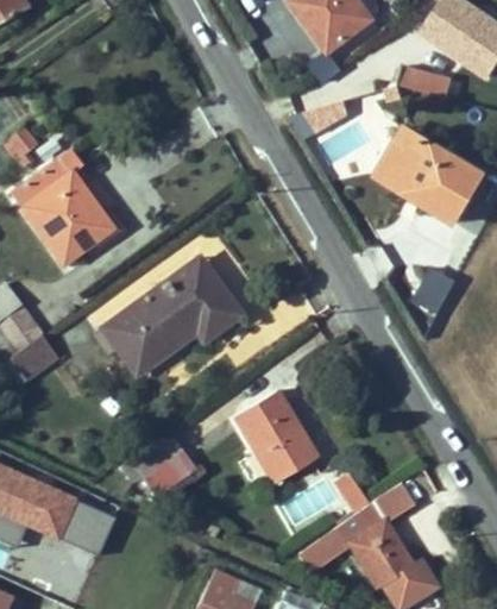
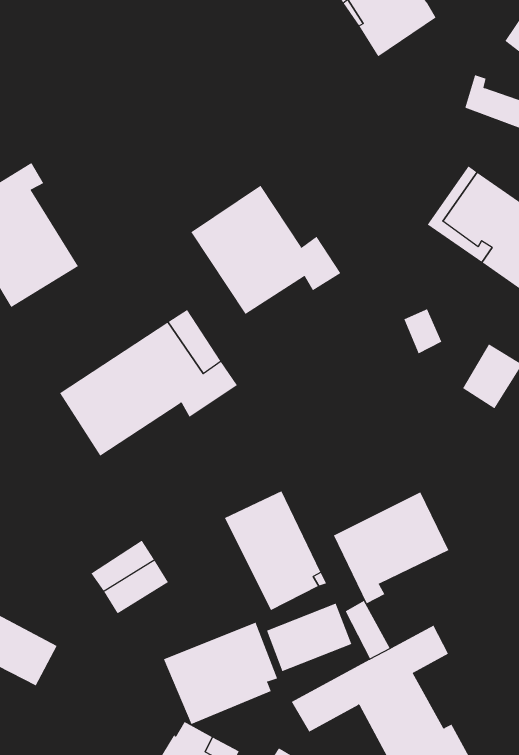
building: none -> [191,185,341,315]
building: none -> [333,492,449,604]
building: none -> [163,622,278,725]

